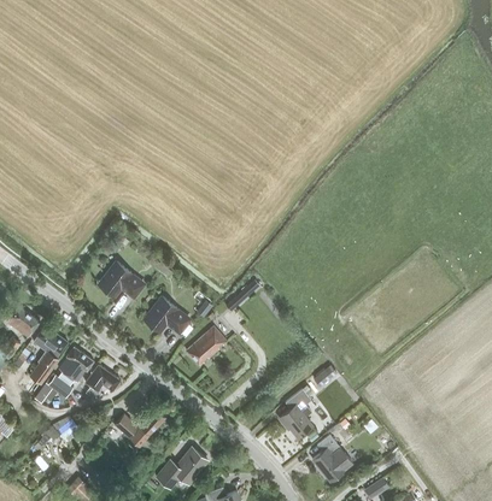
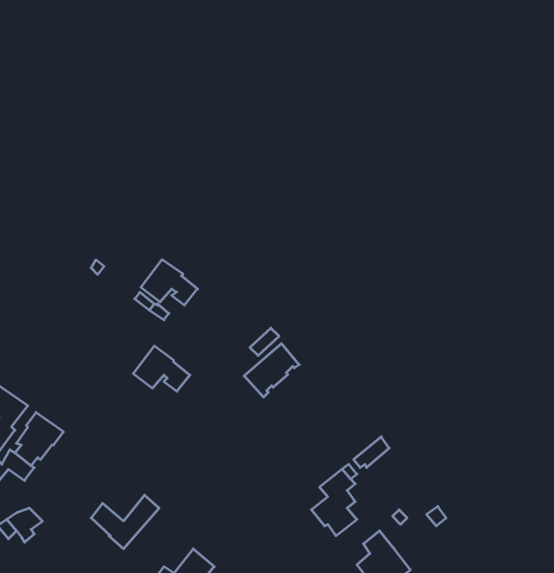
building: [100,263,142,296] -> [141,260,198,305]
building: [186,326,227,366] -> [244,344,299,397]
building: [84,365,121,400] -> none

